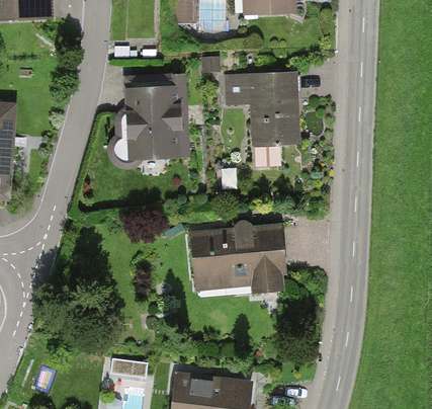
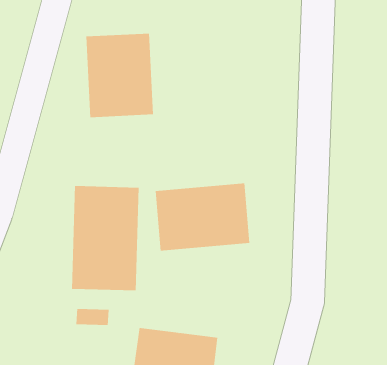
building: [224,75,300,147] -> none
building: none -> [71,185,139,291]

